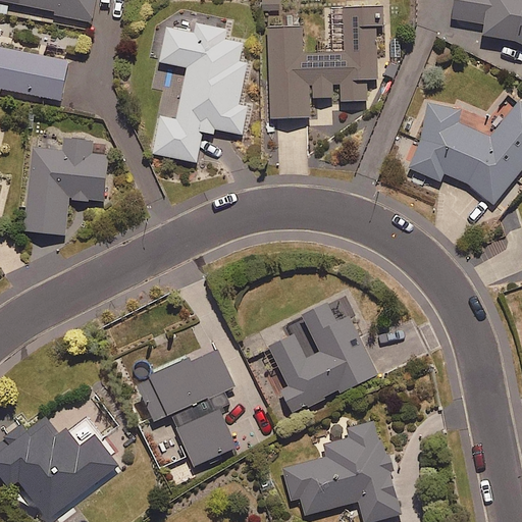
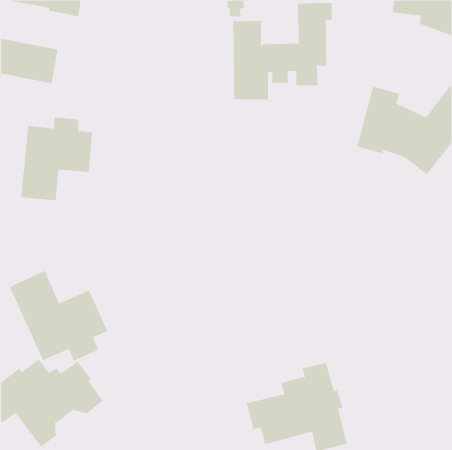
building: [152,24,248,162] -> none
building: [268,302,378,413] -> none
building: none -> [9,270,108,362]
building: [135,346,237,465] -> none

